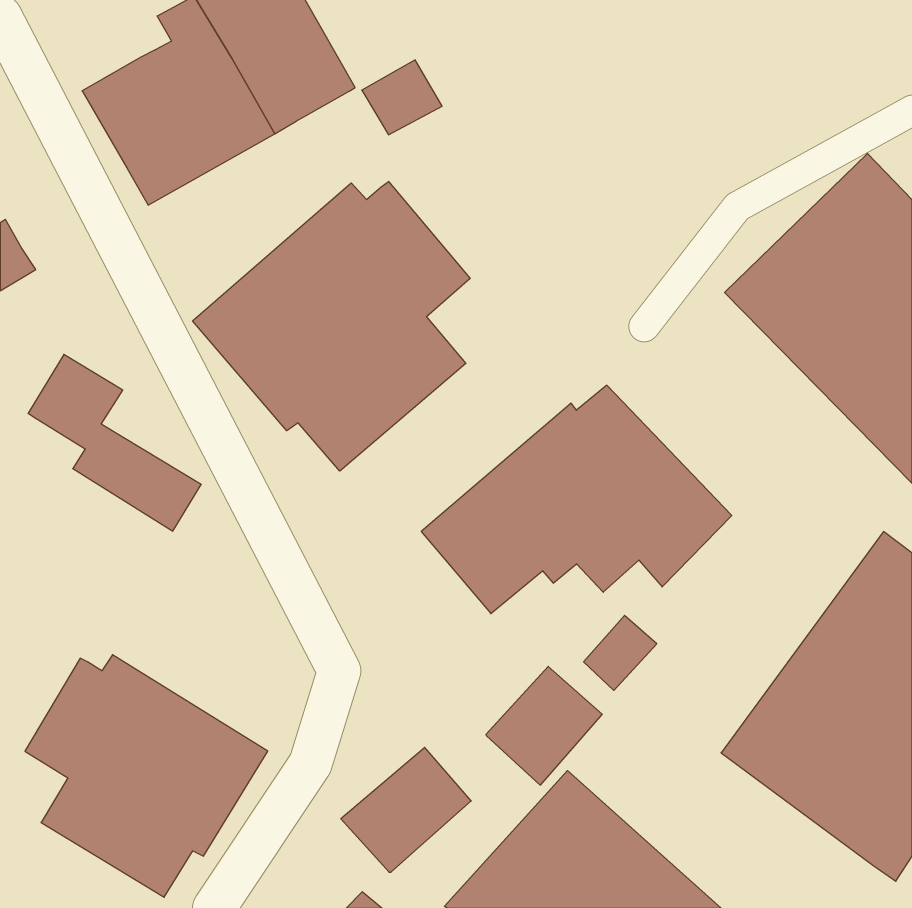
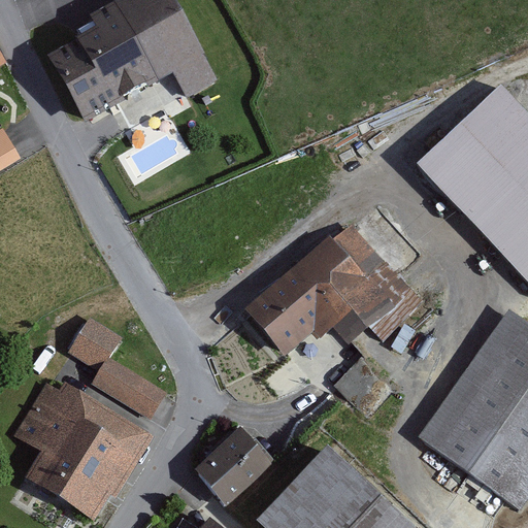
building: [362,60,442,135] -> [171,53,218,96]
building: [193,181,470,471] -> none
building: [28,354,201,531] -> [67,316,167,418]
building: [486,666,602,785] -> none

